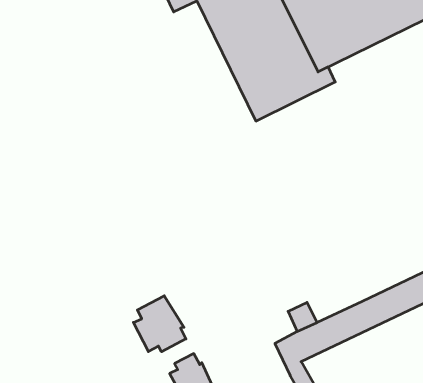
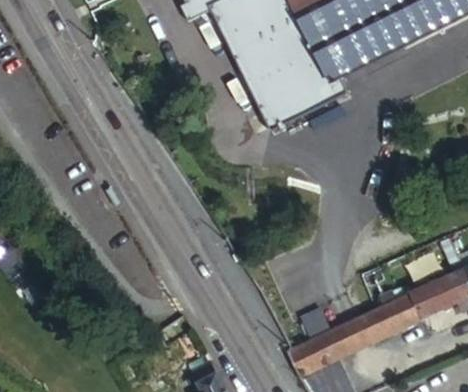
building: [133,296,186,352] -> none

